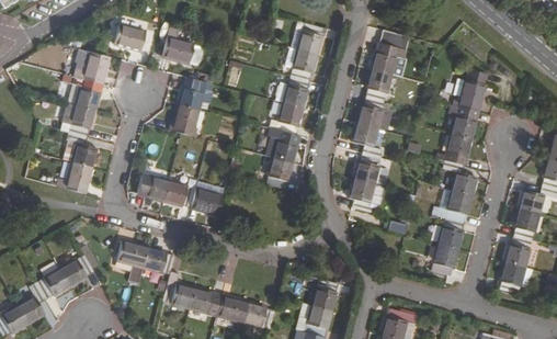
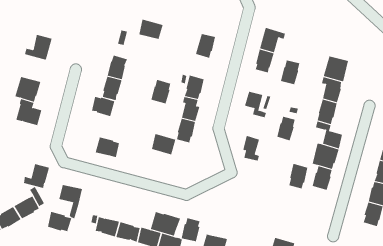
building: [298,21,323,53] -> none
building: [113,22,144,48] -> none
building: [162,35,194,61] -> [138,19,163,40]
building: [283,75,309,106] -> [151,79,171,104]
building: [69,76,101,110] -> none
building: [359,94,384,126] -> [280,60,300,85]
building: [355,151,379,183] -> [276,116,295,141]
building: [57,160,91,192] -> [23,163,50,188]
building: [138,173,169,200] -> [91,96,115,117]
building: [191,187,223,214] -> [151,134,176,155]
building: [433,242,458,275] -> [288,163,308,189]
building: [144,246,175,272] -> [47,211,72,232]
building: none -> [150,211,181,237]
building: [312,279,338,309] -> [181,218,201,242]

